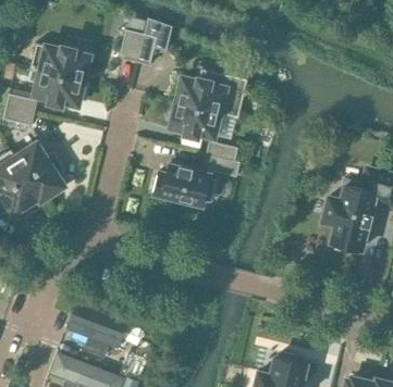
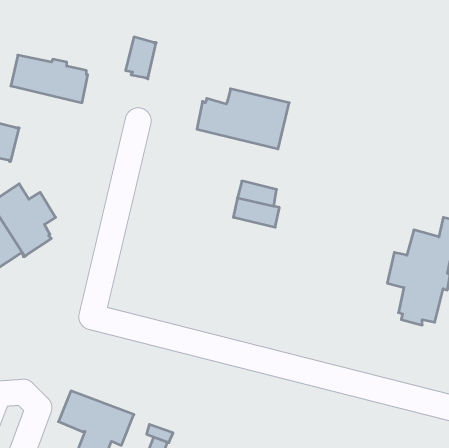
building: [137,18,172,65] -> none
building: [30,67,86,105] -> none
building: [170,101,238,137] -> none
building: [153,165,217,208] -> none

